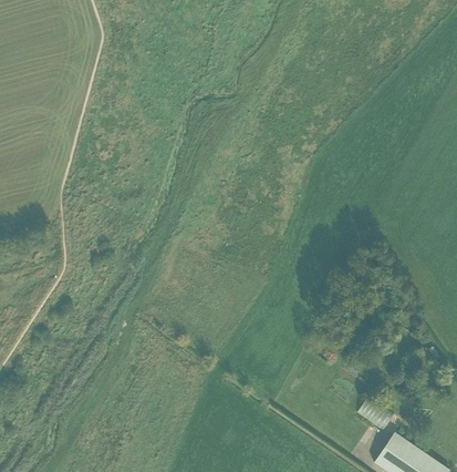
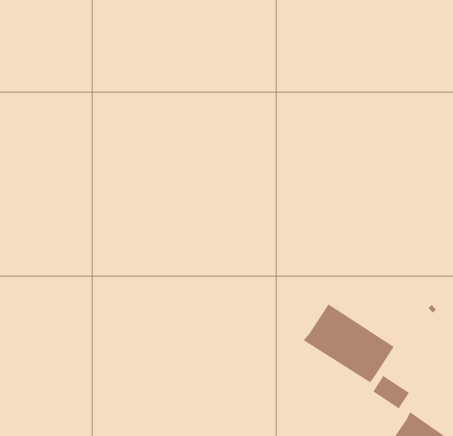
building: none -> [303,303,394,383]

